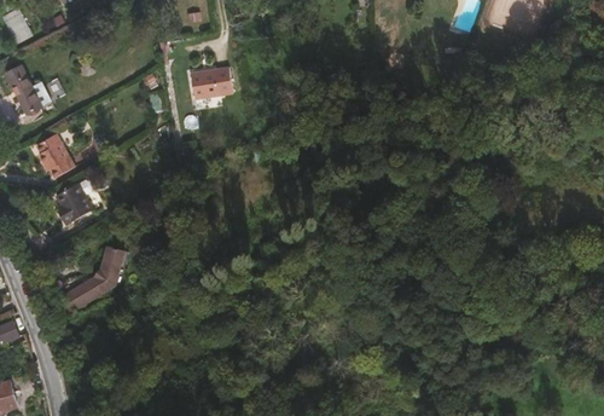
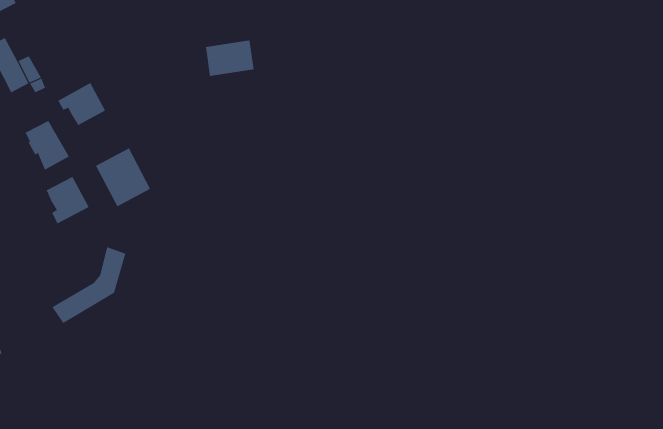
building: none -> [57,82,106,126]
building: none -> [95,148,151,207]

